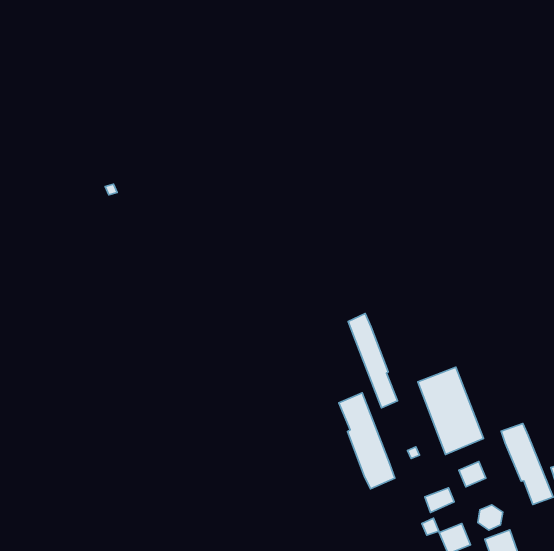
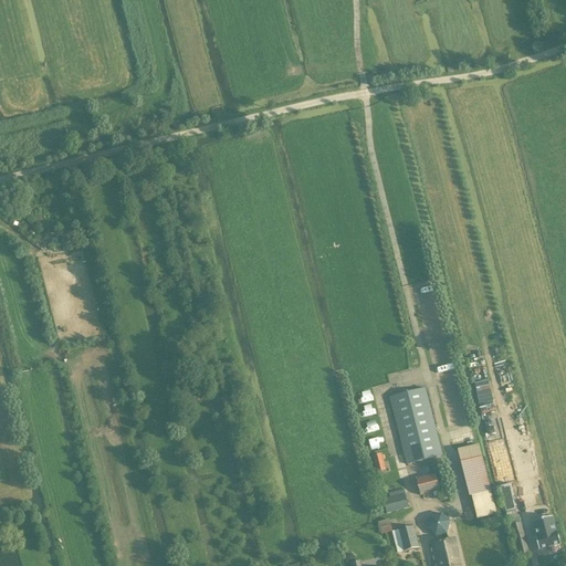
building: [348,314,398,408] -> none
building: [339,393,395,489] -> none

